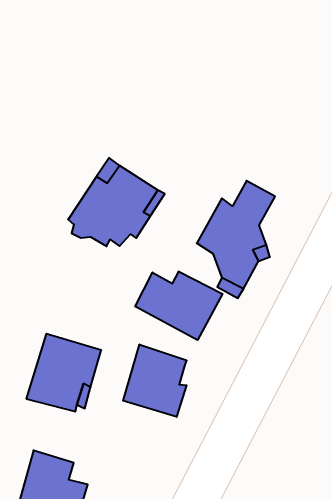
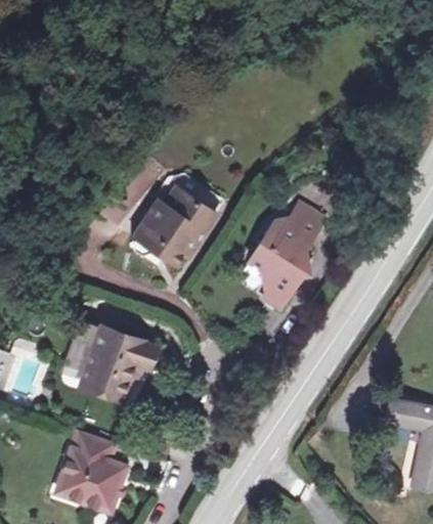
building: [135,271,223,340] -> none
building: [123,344,187,417] -> none

